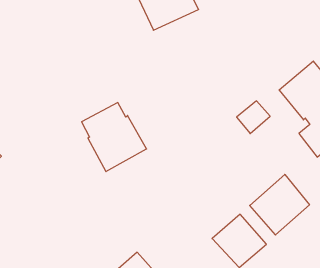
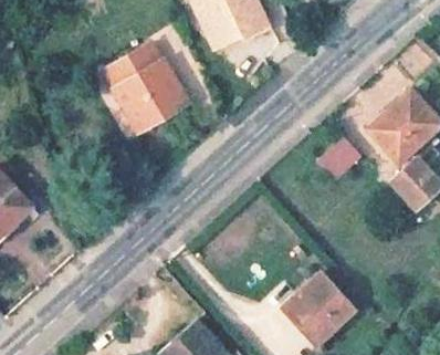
building: [82,103,147,172] -> [105,45,185,129]
building: [250,174,309,235] -> none

